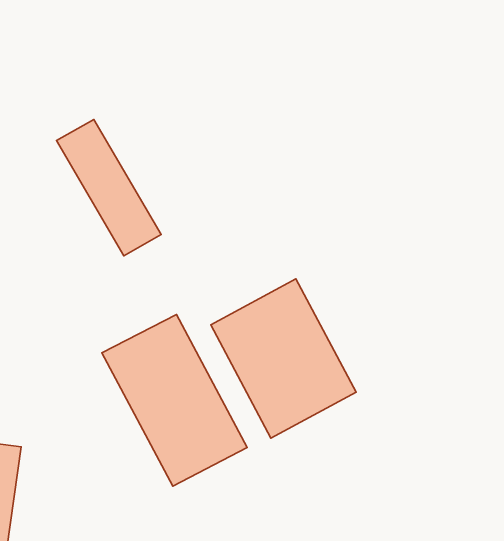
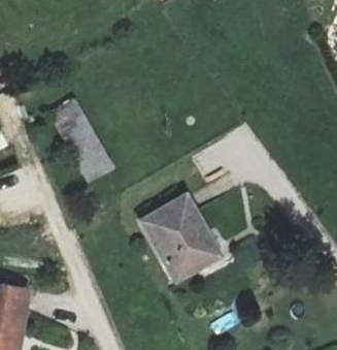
building: [102,314,247,486] -> none

